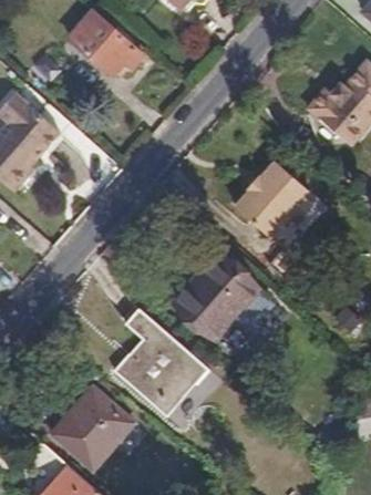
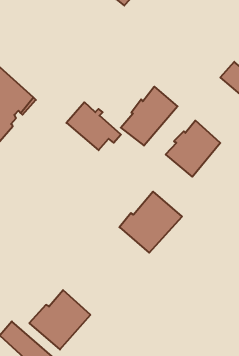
building: [72,14,145,79] -> [66,102,121,150]
building: none -> [121,87,178,146]
building: [115,308,207,416] -> none

